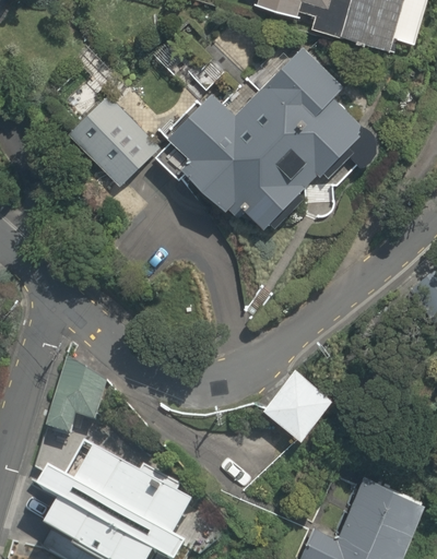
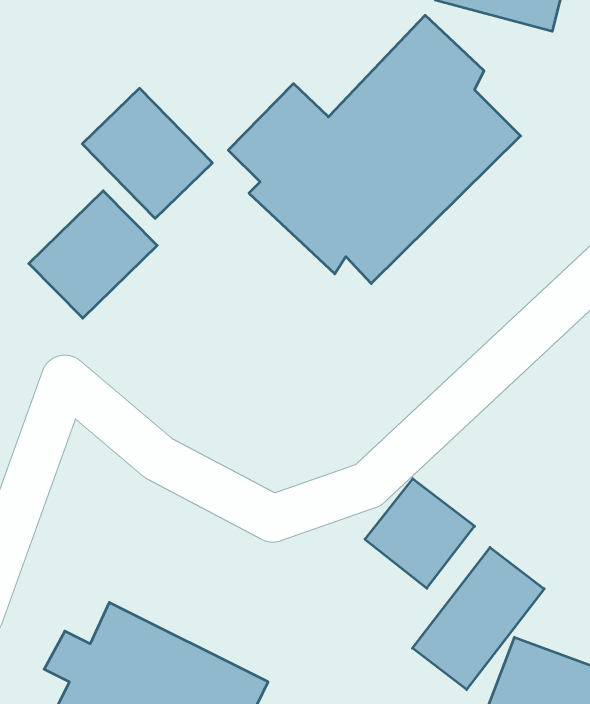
building: none -> [29,191,157,318]
building: none -> [412,547,544,690]

